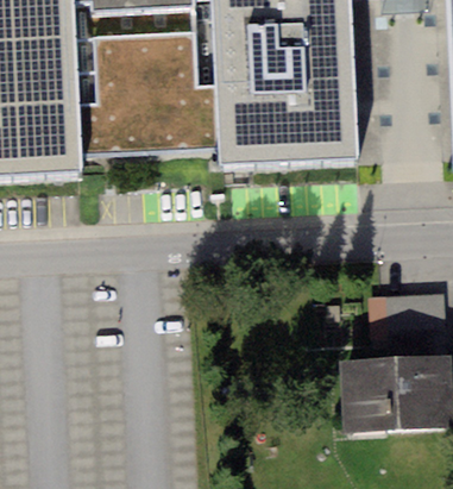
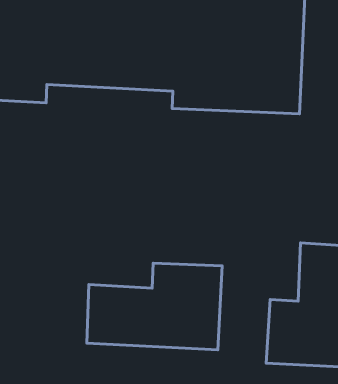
building: none -> [87,263,222,350]

